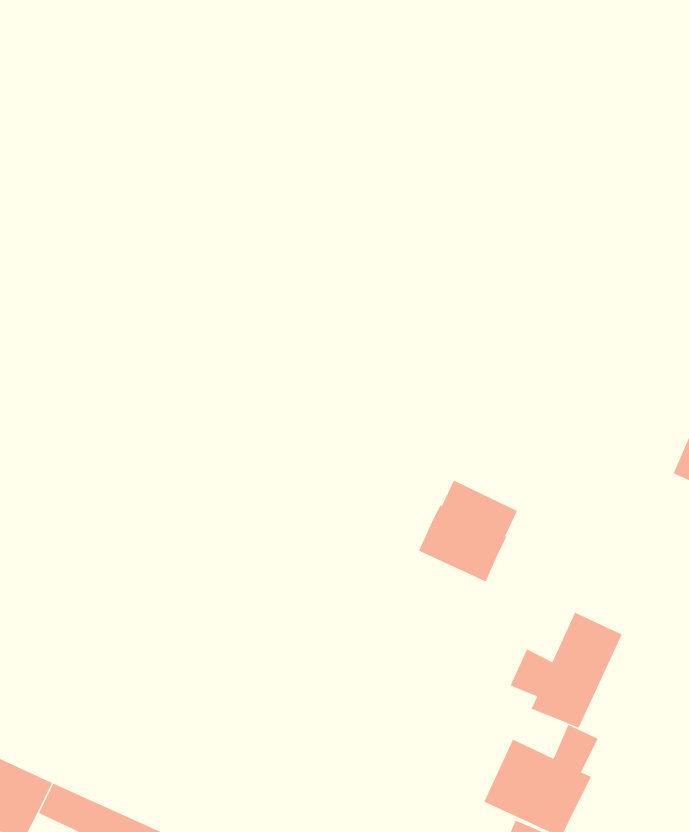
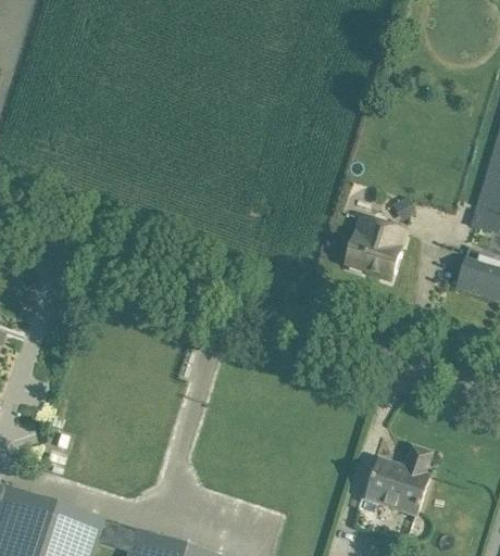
building: [418,480,518,582] -> [347,220,404,280]
building: [510,612,622,729] -> none

